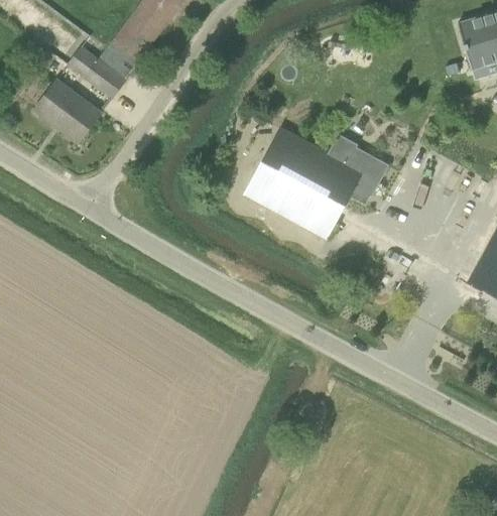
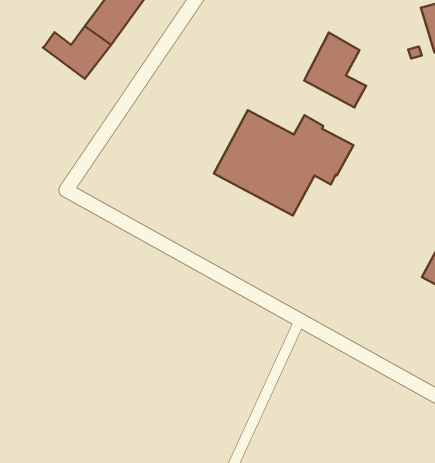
building: none -> [304,32,366,108]
building: [34,81,100,143] -> none

